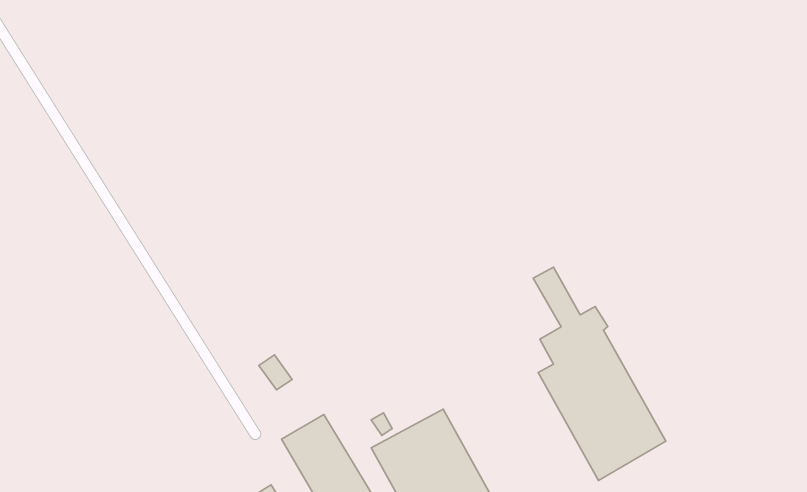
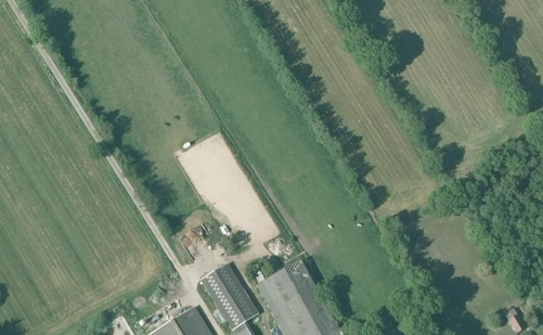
building: [533,267,666,480] -> none

